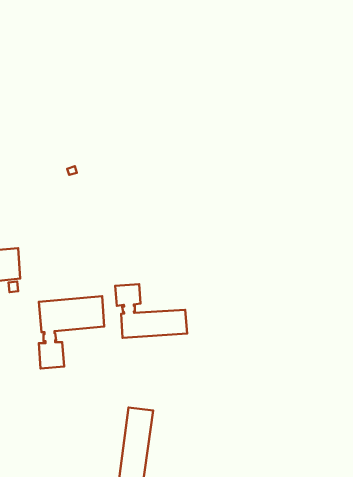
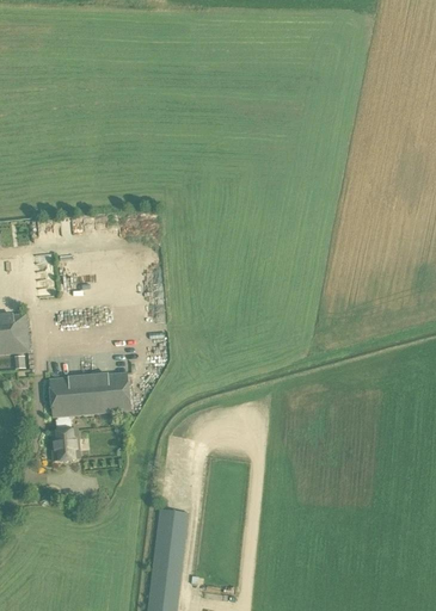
building: [115,284,187,338] -> none

